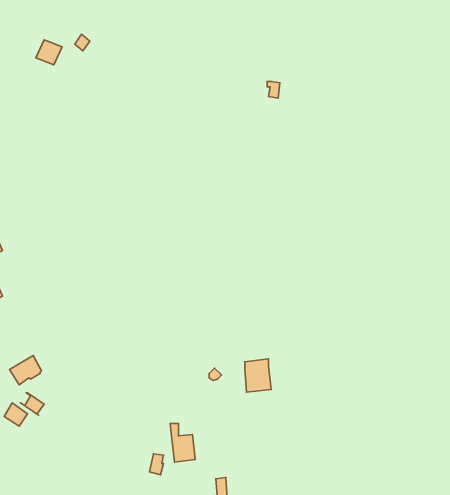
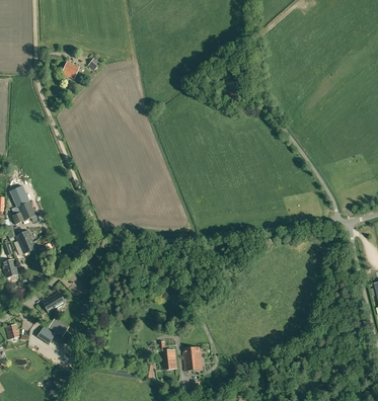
building: [245,359,271,392] -> [183,346,203,371]

